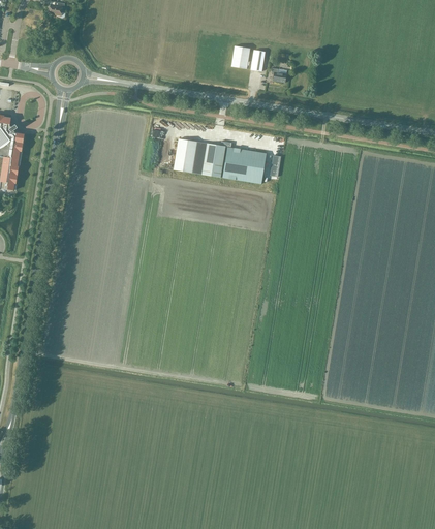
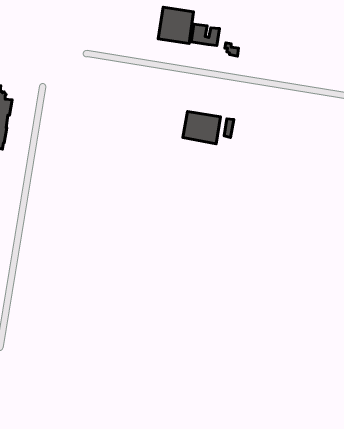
building: none -> [158,7,193,44]
building: [174,138,225,177] -> none

